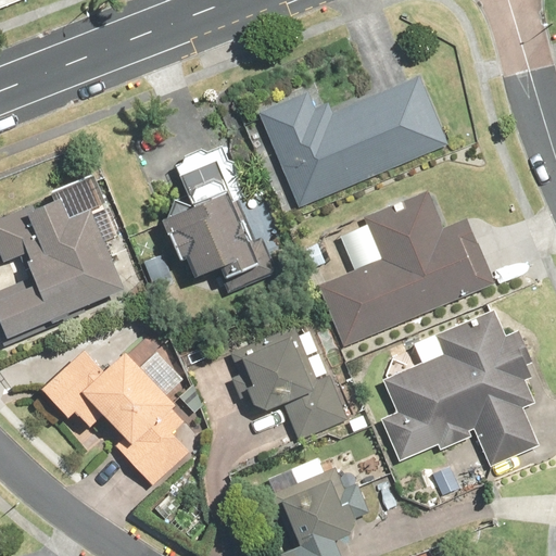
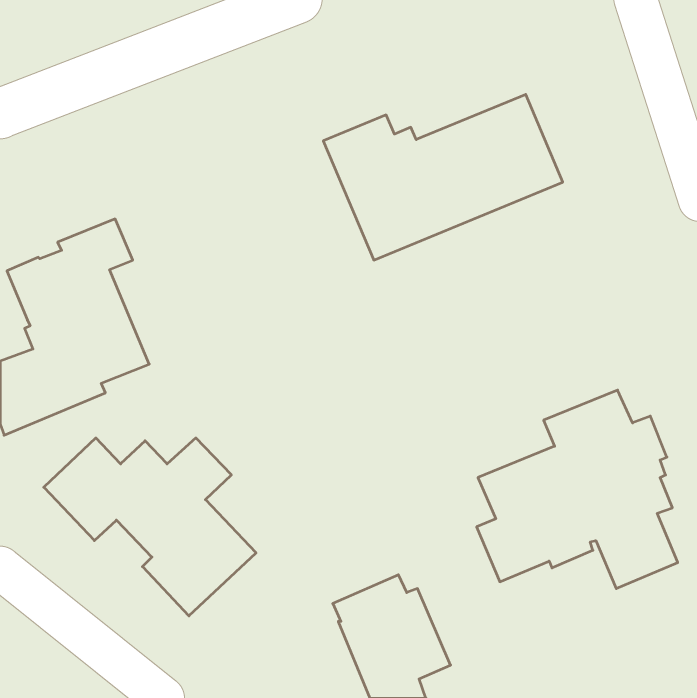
building: [156,141,277,291] -> none
building: [318,189,494,346] -> none
building: [230,325,349,440] -> none

